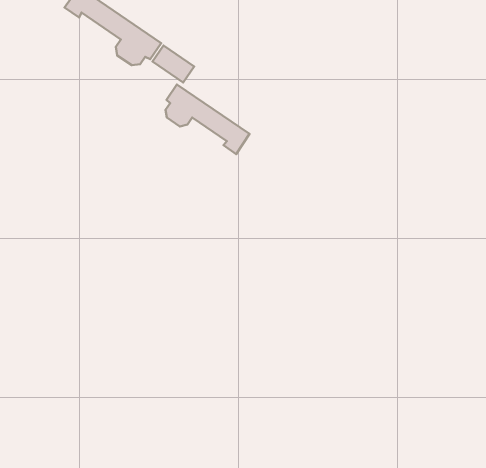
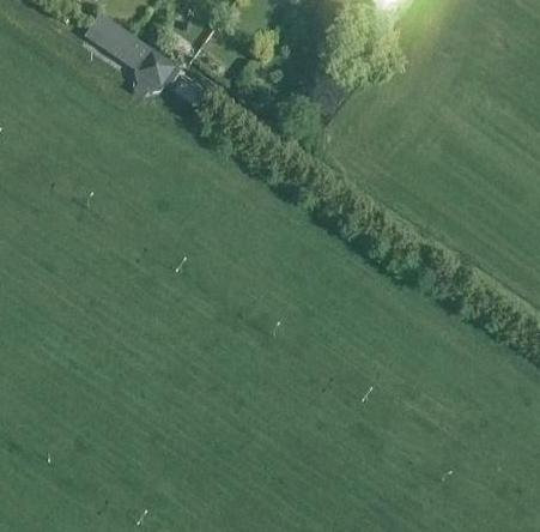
building: [165,85,250,154] -> none

